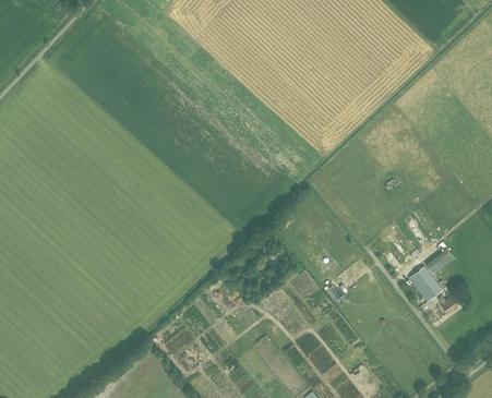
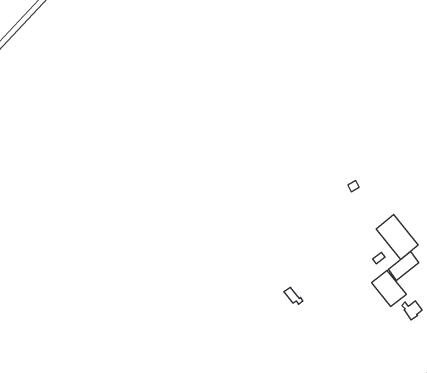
building: none -> [376,214,418,259]

